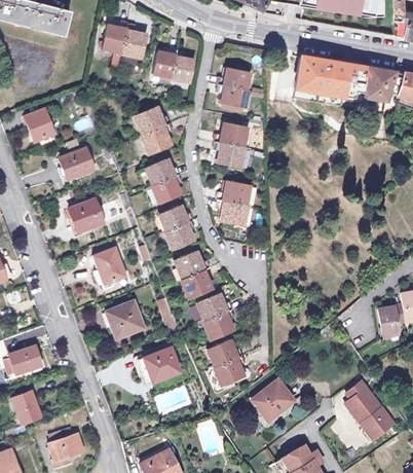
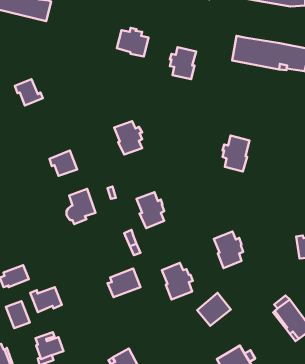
building: [101,23,144,60] -> none
building: [138,112,175,158] -> none
building: [214,124,248,169] -> none
building: [62,151,93,180] -> none
building: [217,181,251,226] -> [222,136,250,172]
building: [161,208,195,250] -> none
building: [198,294,235,340] -> [214,231,243,268]
building: [108,302,142,338] -> none
building: none -> [30,287,62,312]

